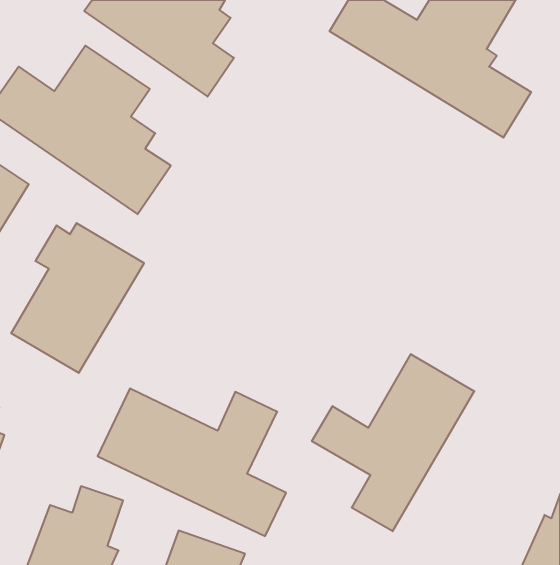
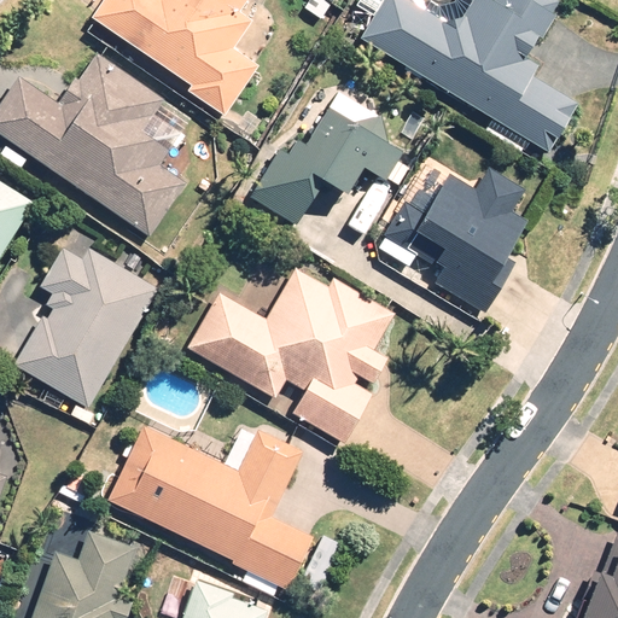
building: none -> [249,92,408,228]
building: none -> [375,162,529,313]
building: none -> [187,268,392,439]
building: [312,354,474,531] -> none

